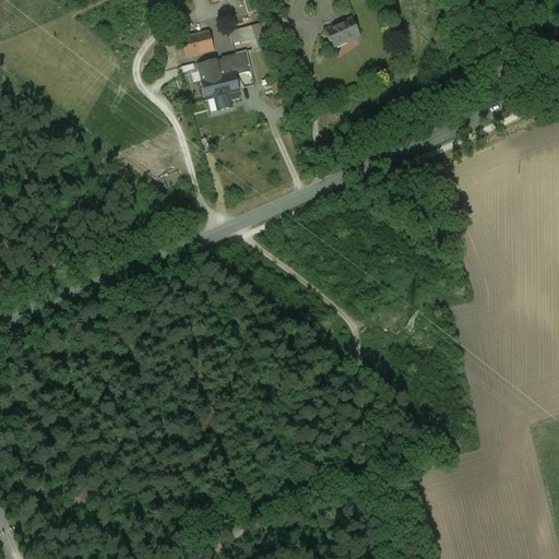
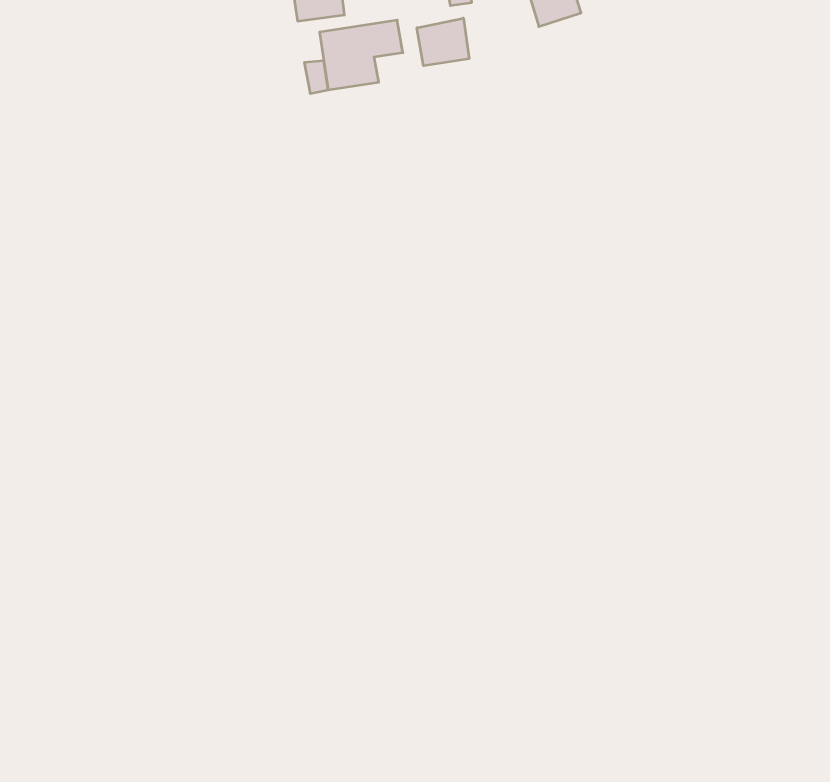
building: none -> [417,18,469,66]

